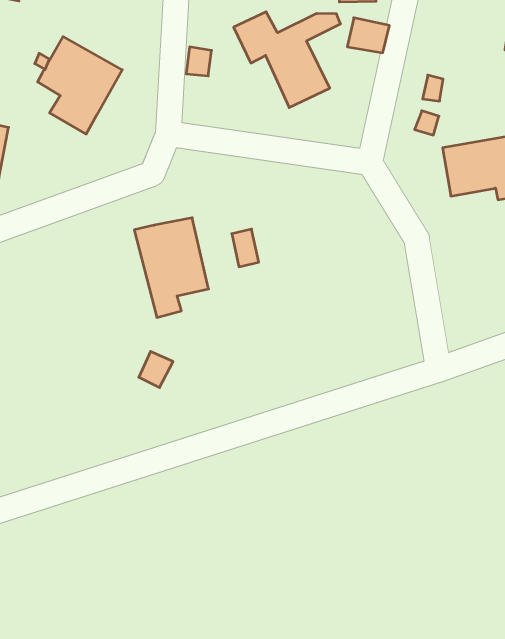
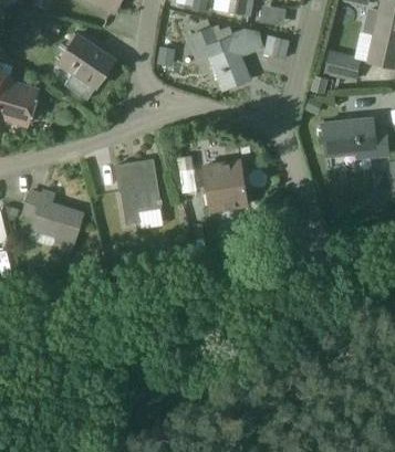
building: none -> [323,52,360,82]
building: none -> [204,160,245,210]
building: none -> [32,191,83,253]

